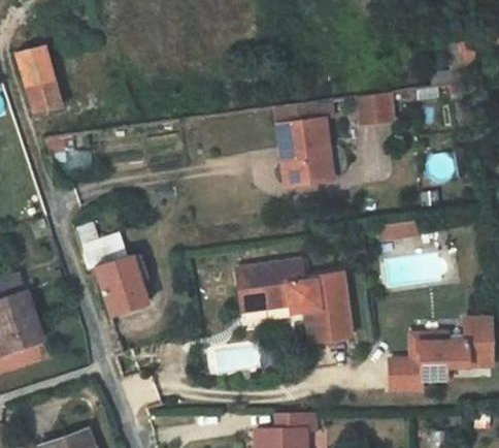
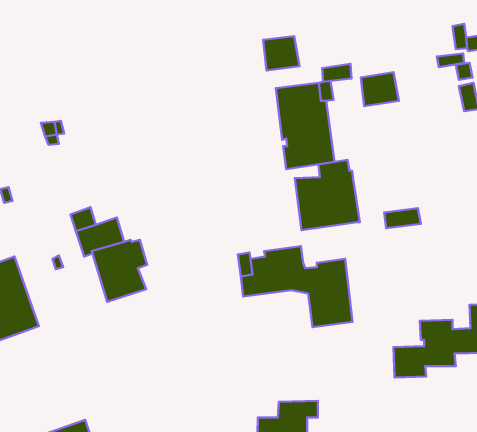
building: [16,45,63,111] -> none
building: none -> [263,36,299,71]
building: none -> [295,160,360,230]

